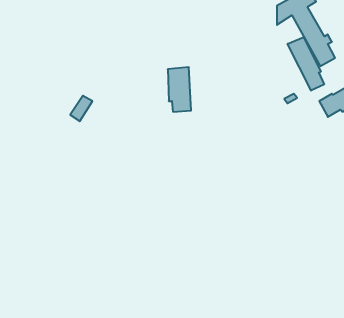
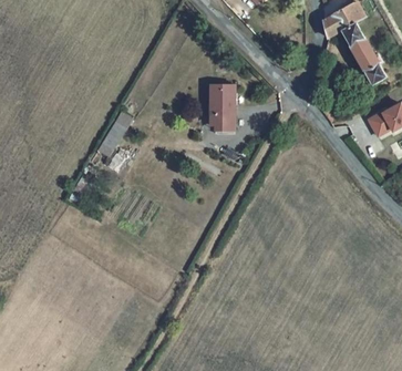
building: [288,37,324,91] -> none

